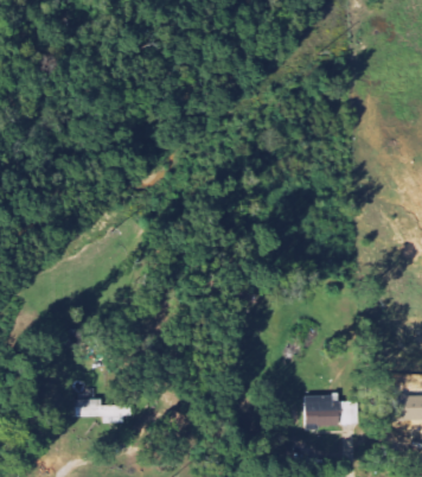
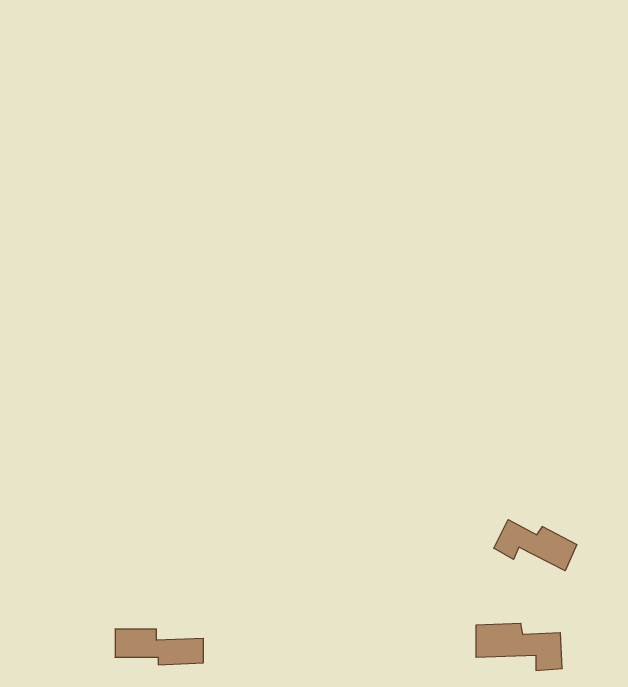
building: none -> [494,520,577,571]

